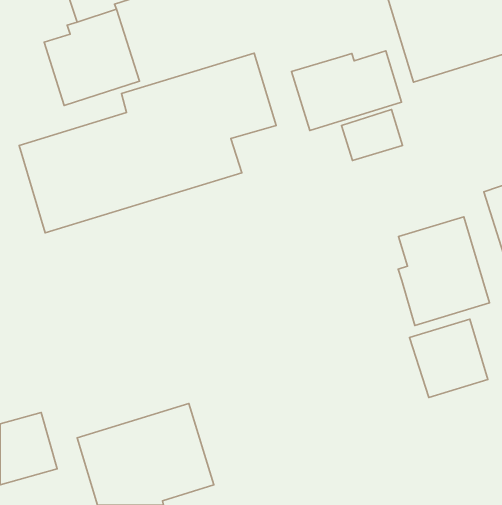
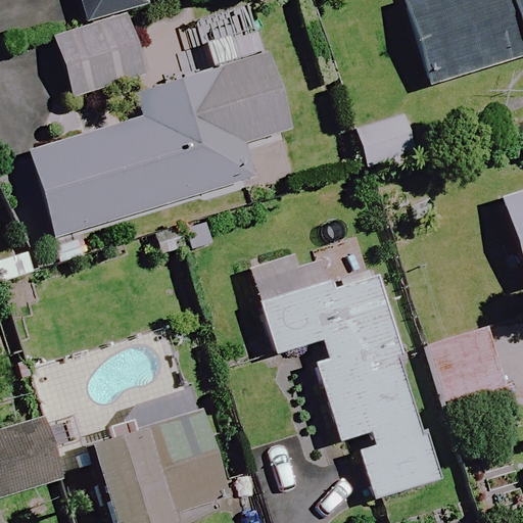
building: [292,51,402,130] -> none
building: [398,217,490,325] -> none
building: none -> [260,265,440,497]

